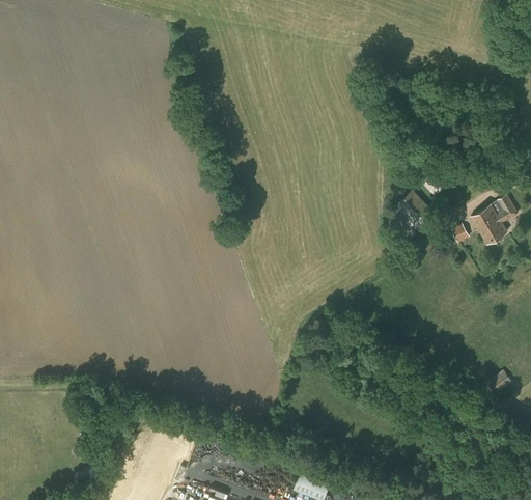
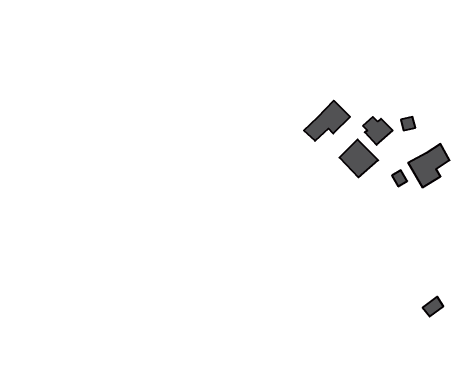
building: none -> [304,101,350,141]

